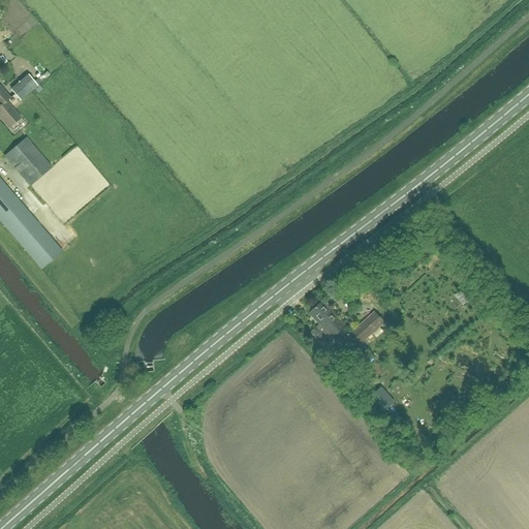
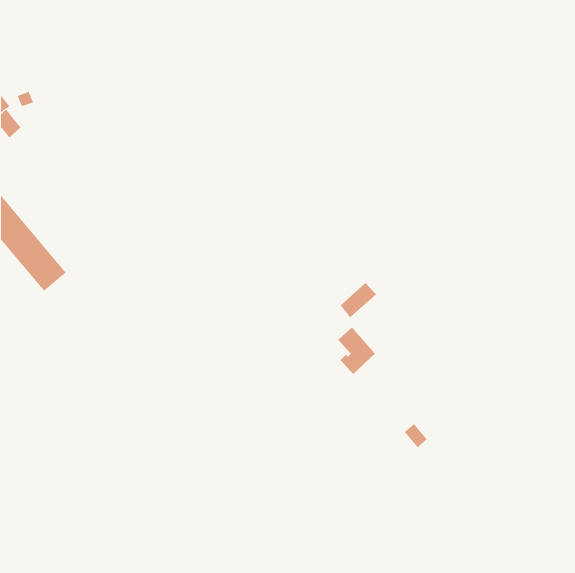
building: [4,136,52,185] -> none
building: [350,310,384,343] -> [340,282,377,318]

